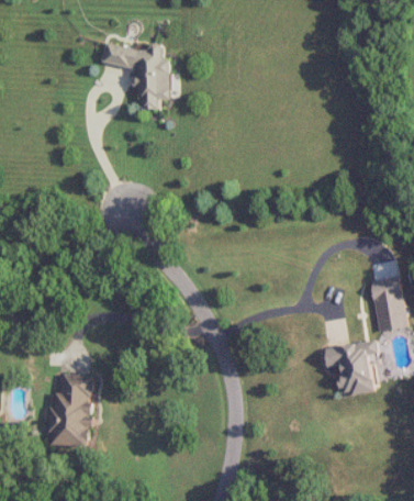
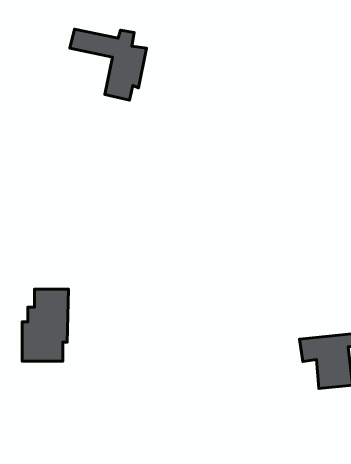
building: [48,374,93,444] -> [22,289,68,361]

